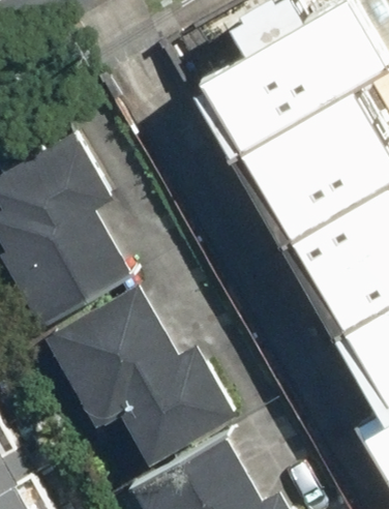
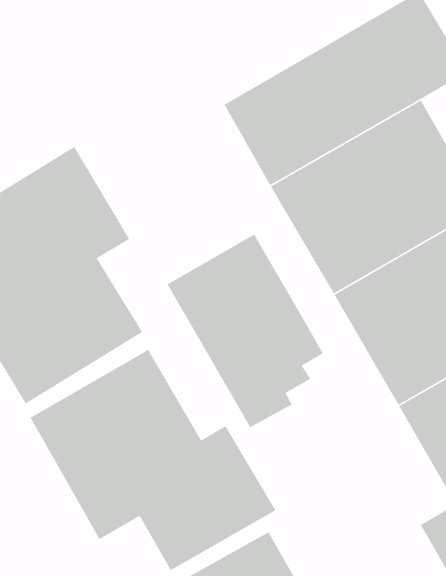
building: none -> [166,234,324,428]

